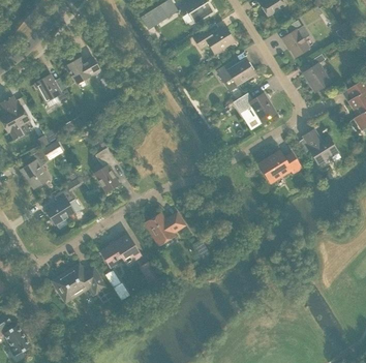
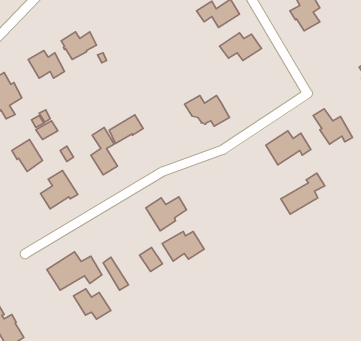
building: [303,54,330,93] -> none
building: [234,93,276,122] -> [185,95,230,126]
building: none -> [109,115,143,144]
building: none -> [281,173,325,214]
building: [101,239,141,267] -> [162,232,204,261]
building: none -> [73,289,111,319]

